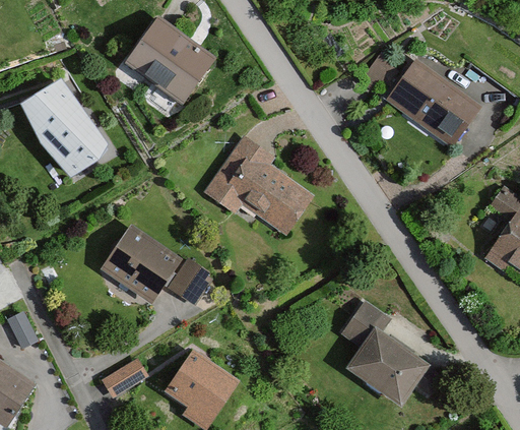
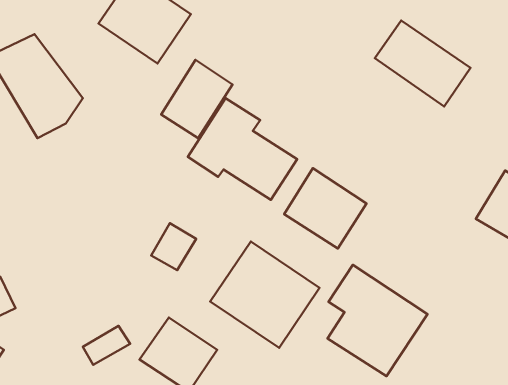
building: none -> [161,60,233,138]
building: none -> [284,168,367,249]
building: [102,225,181,302] -> none
building: none -> [210,241,320,348]

